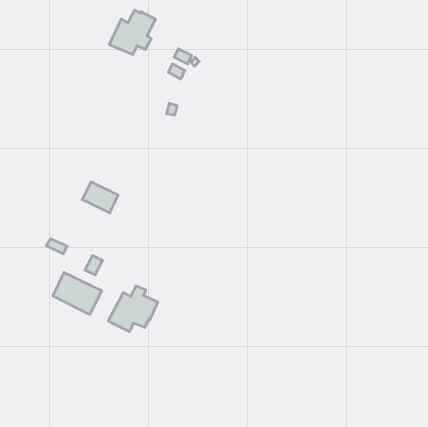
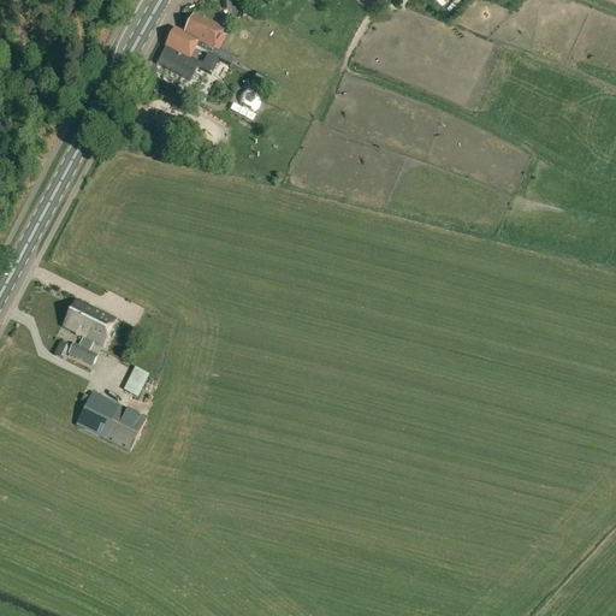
building: [82,182,118,213] -> [61,298,113,343]
building: [108,286,158,332] -> none

